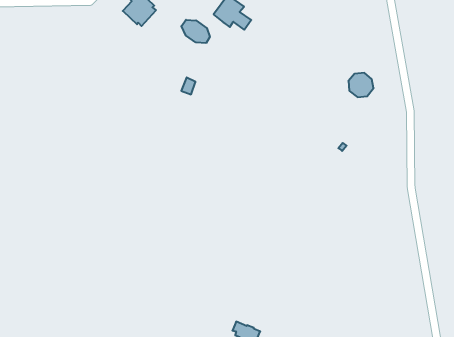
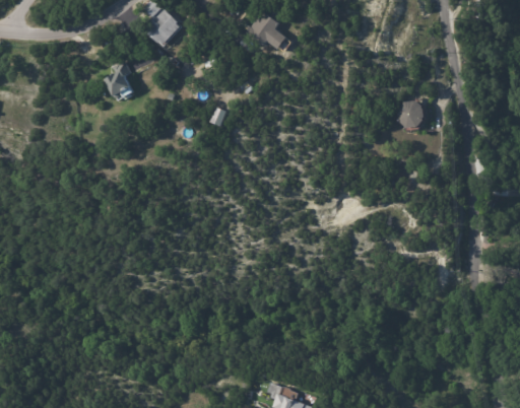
building: [181,20,210,43] -> none
building: none -> [107,59,134,100]

